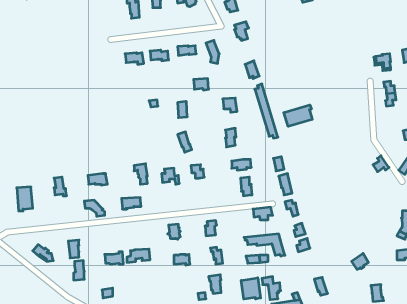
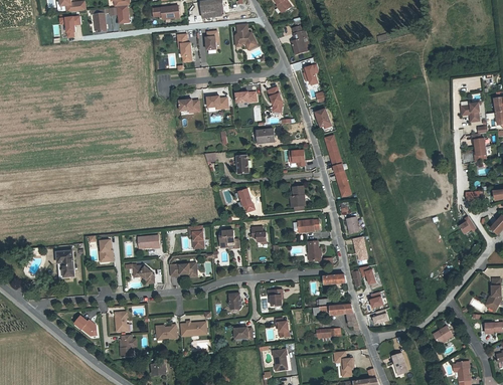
building: [284,105,312,126] -> none
building: [241,278,261,299] -> none

